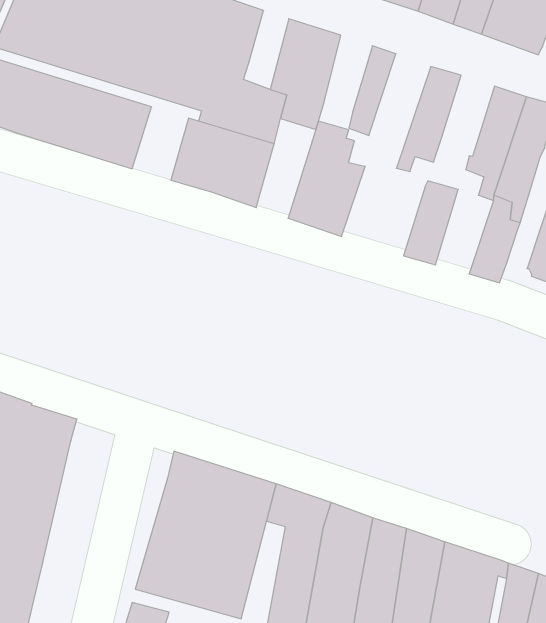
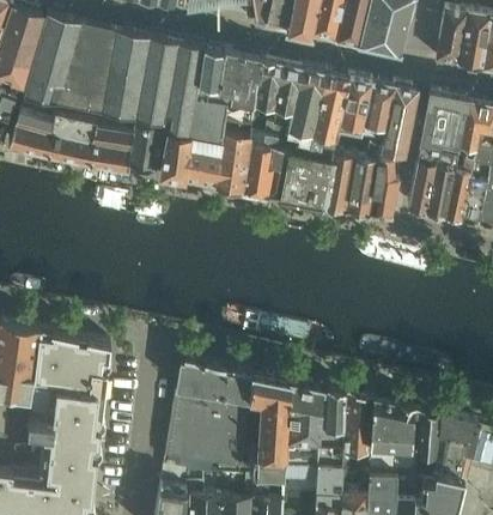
building: none -> [197,51,224,105]
building: none -> [255,62,284,114]
building: none -> [288,71,325,150]
building: none -> [339,80,371,129]
building: none -> [128,127,163,176]
building: none -> [217,125,251,193]
building: none -> [278,151,331,210]
building: none -> [345,159,379,217]

